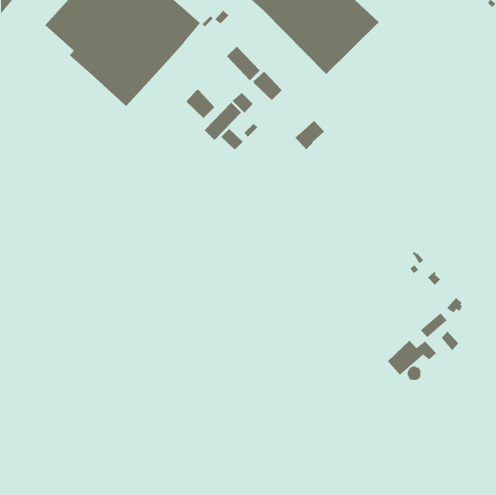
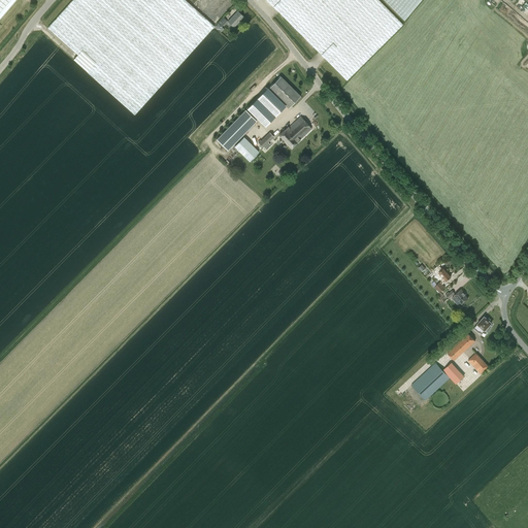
building: [226,46,261,81] -> none
building: [186,89,215,119] -> none
building: [295,120,325,150] -> [279,116,311,147]

